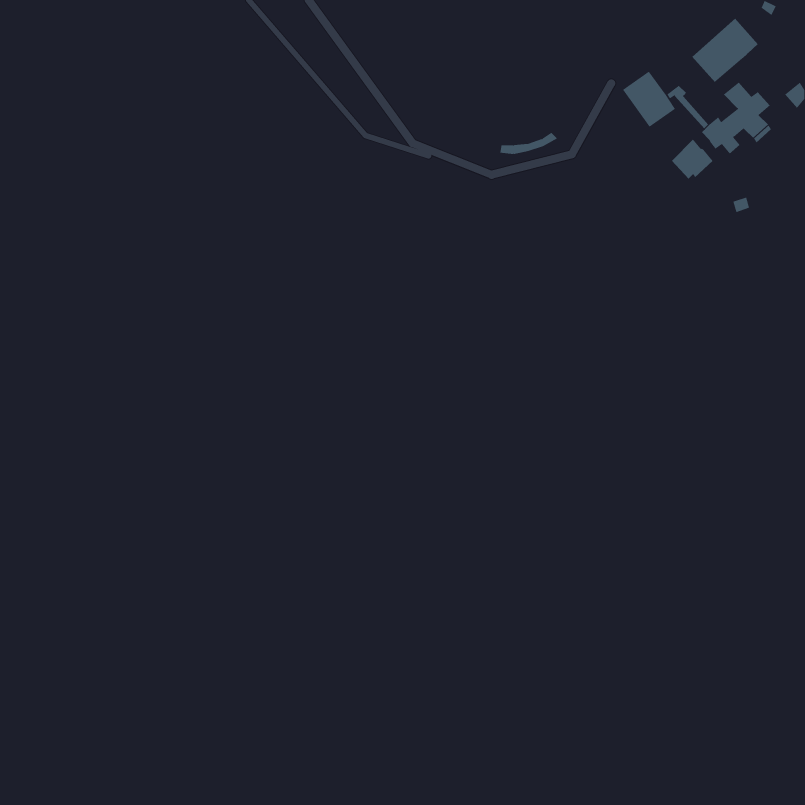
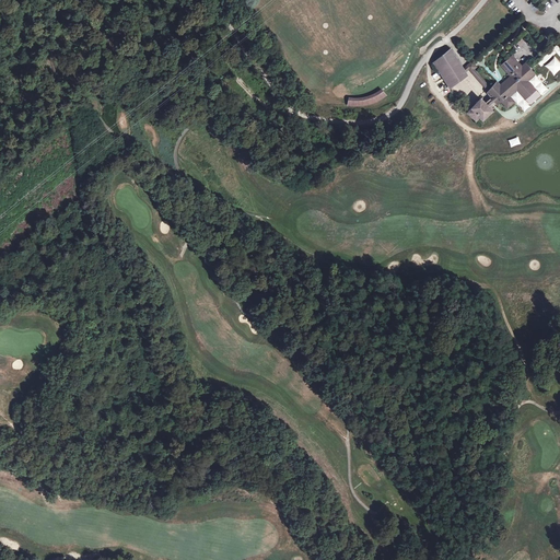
building: [691,18,759,83] -> none

